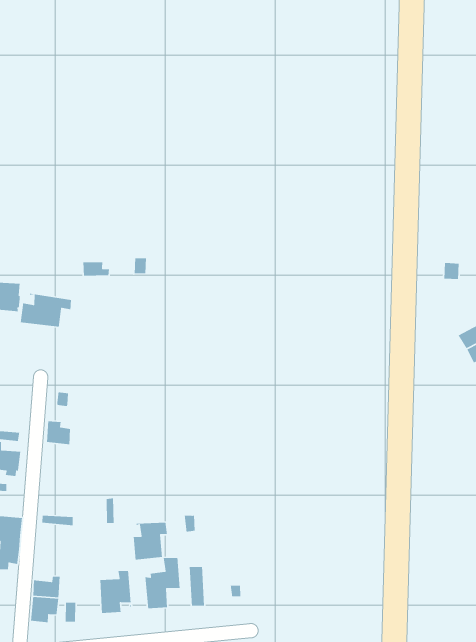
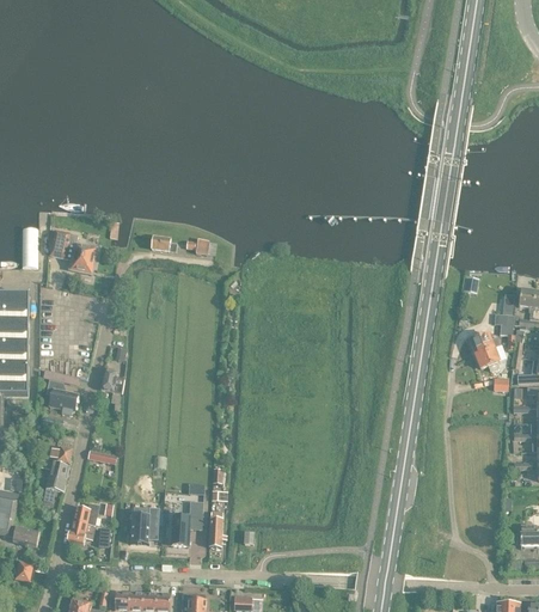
building: [20,293,72,327] -> none
building: [133,522,168,560] -> none

